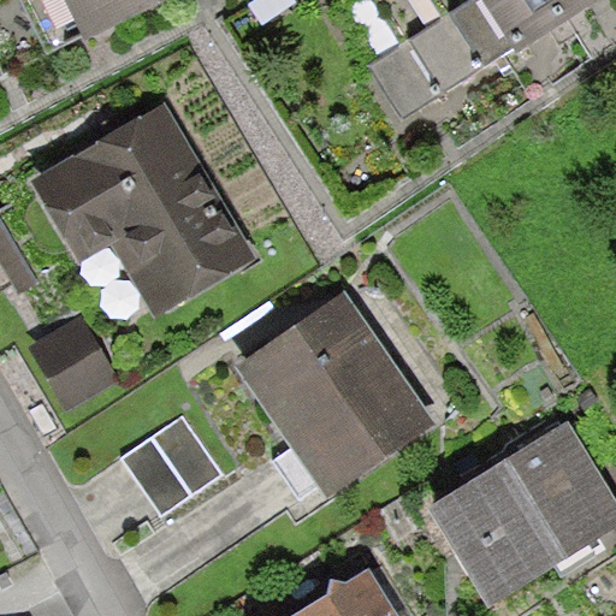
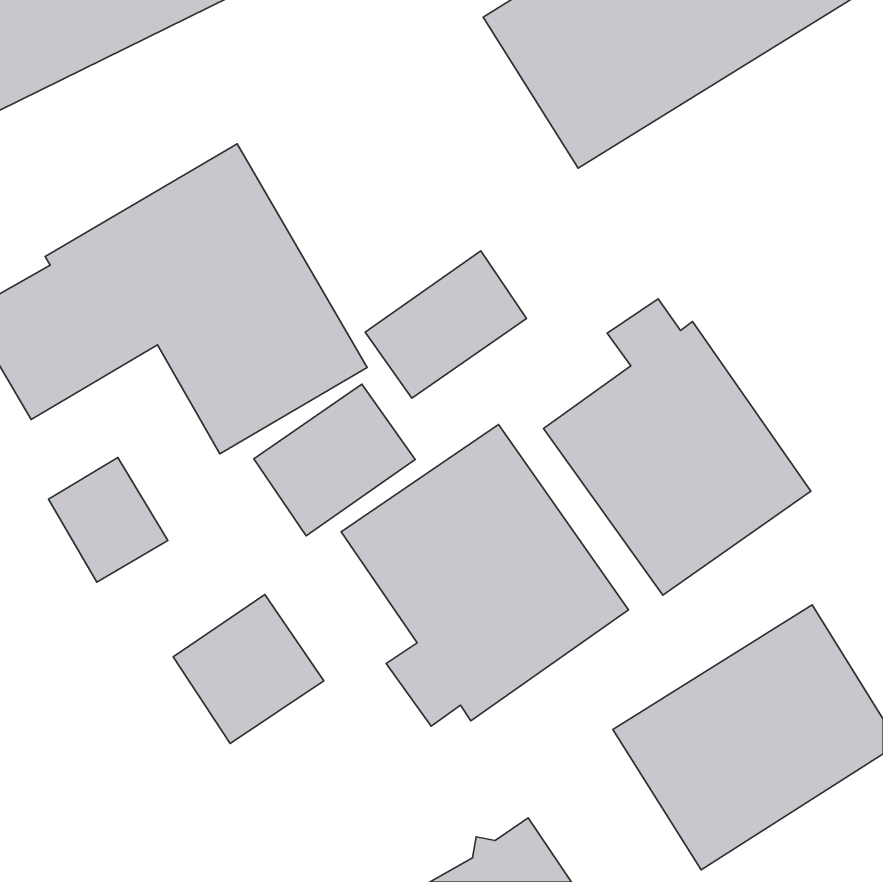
building: none -> [365,251,527,398]
building: none -> [544,299,811,595]
building: none -> [254,384,415,536]

